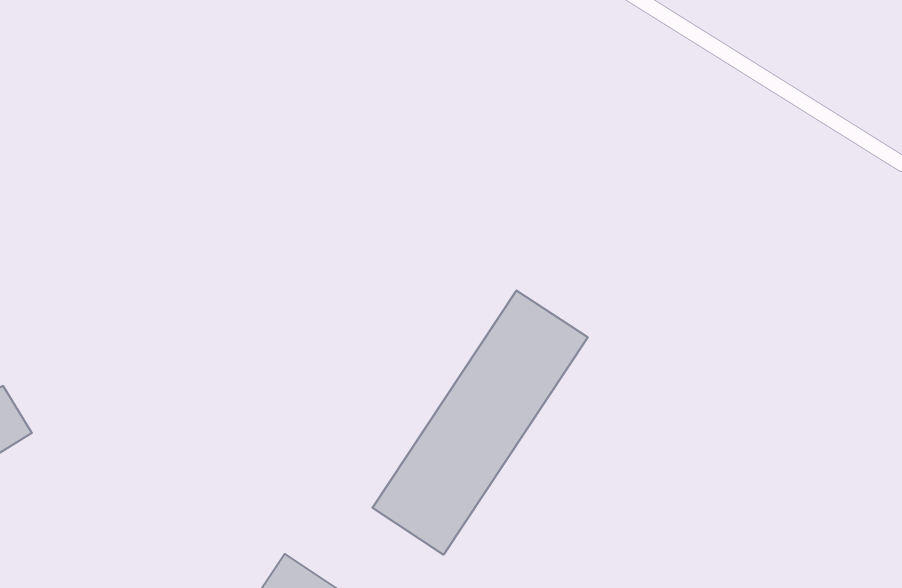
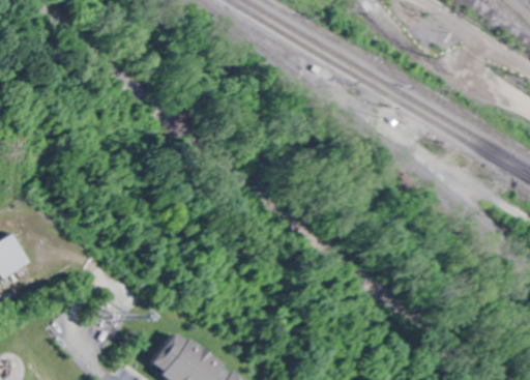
building: [372,290,588,555] -> none

